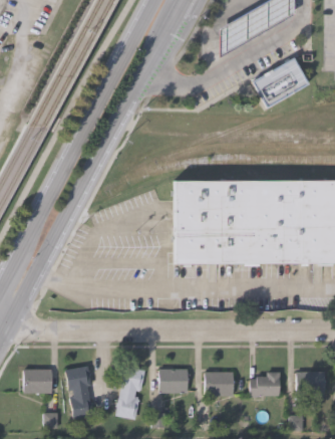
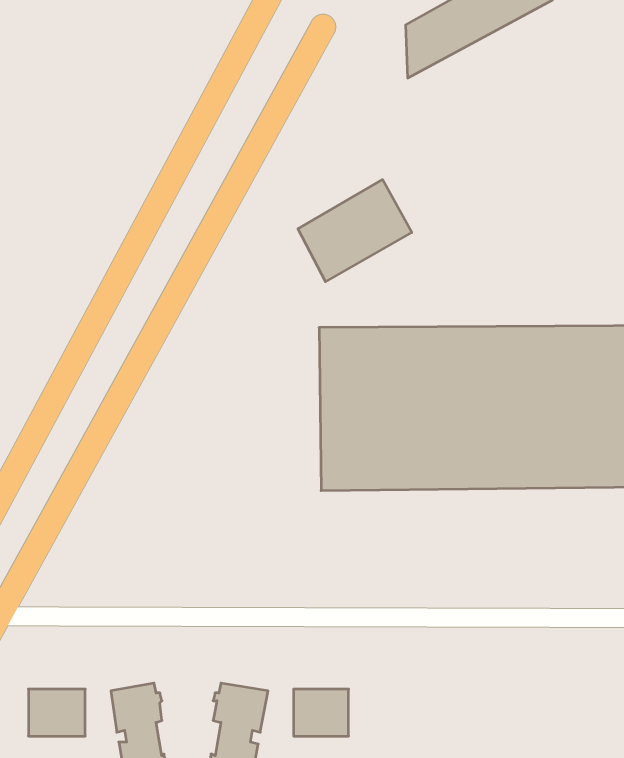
building: [250,57,308,109] -> [298,180,412,282]
building: [206,370,234,394] -> none
building: [250,371,281,396] -> none
building: [297,371,324,395] -> none

